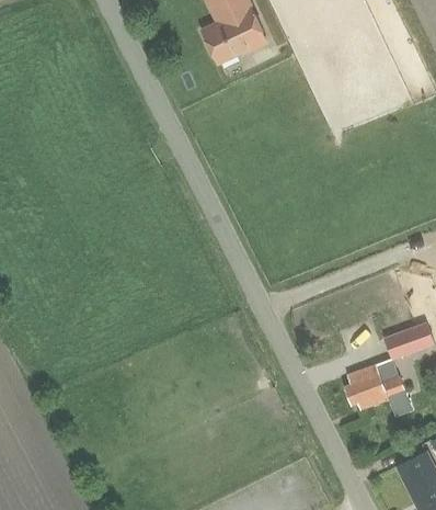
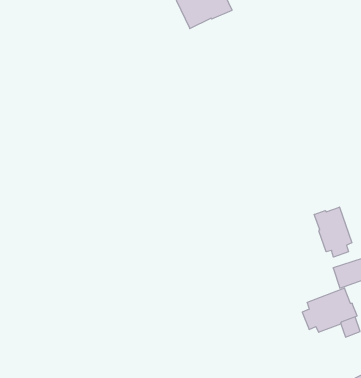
building: none -> [314,207,352,257]

